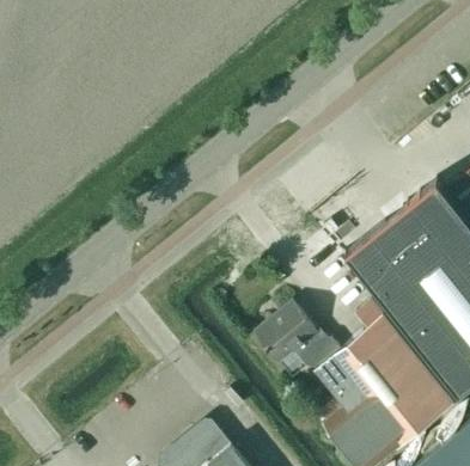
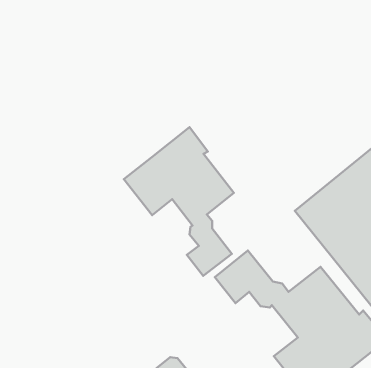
building: none -> [124,127,234,276]

